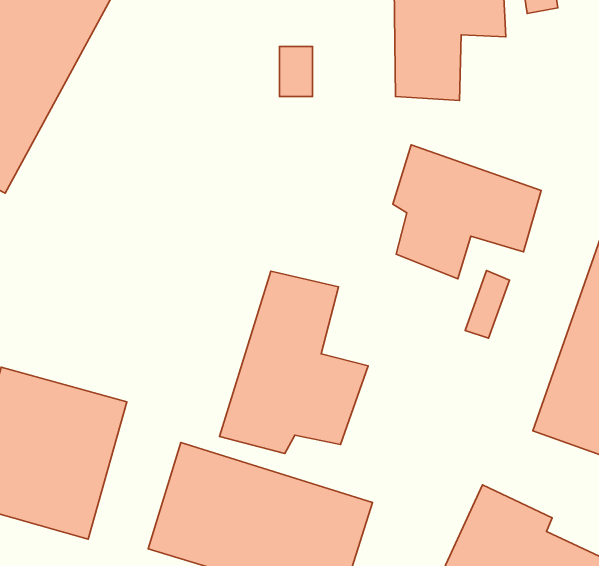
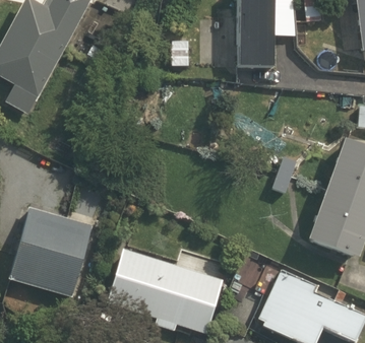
building: [393,145,541,279] -> none
building: [220,271,368,454] -> none

